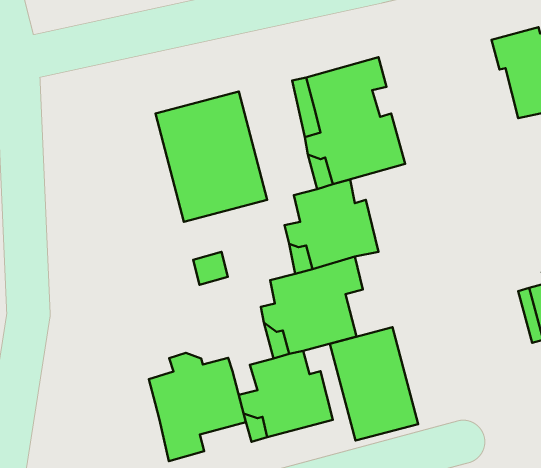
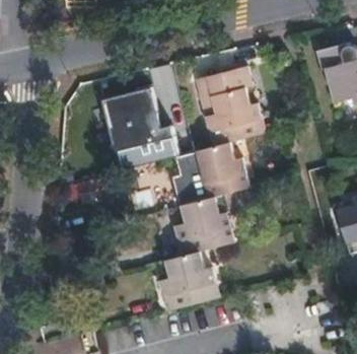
building: [330,327,418,441] -> none
building: [149,353,246,461] -> none

